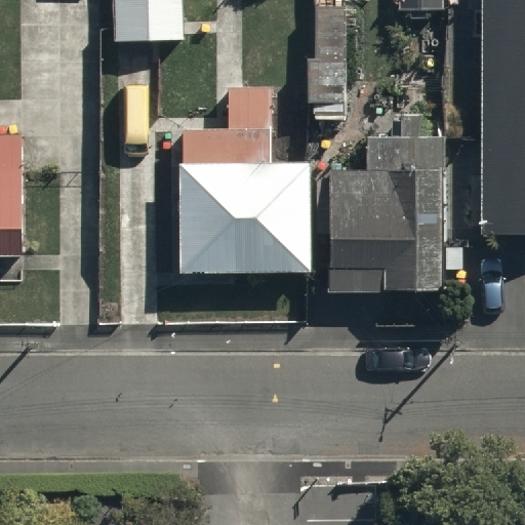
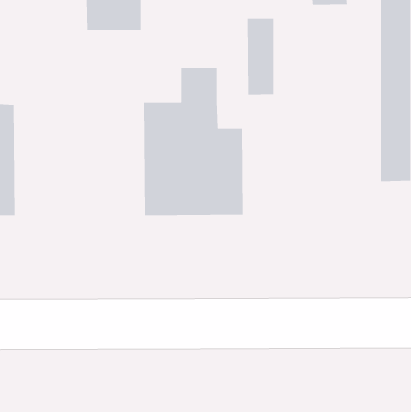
building: [331,138,445,290] -> none

